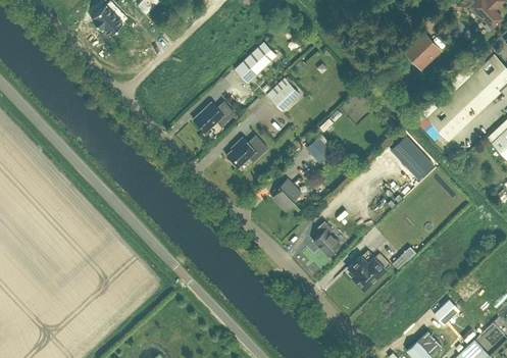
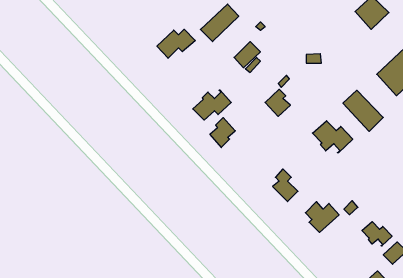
building: [194,101,236,133] -> [157,29,195,58]
building: none -> [312,121,353,153]
building: [273,178,301,211] -> [210,118,235,148]
building: none -> [362,222,392,246]

